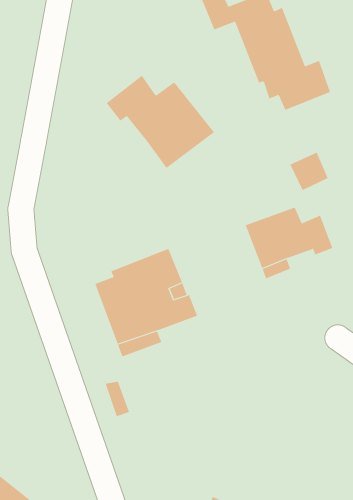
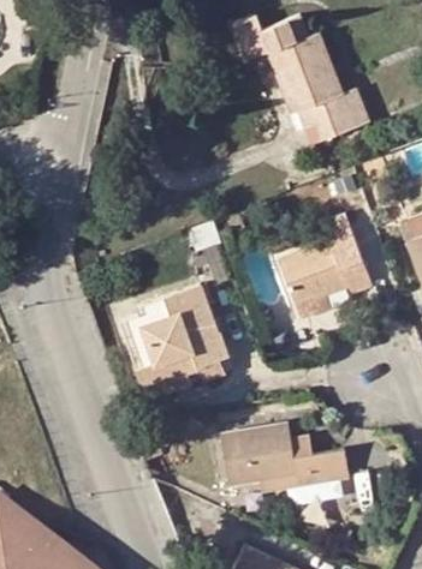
building: [106,75,215,169] -> none
building: none -> [221,423,349,493]

